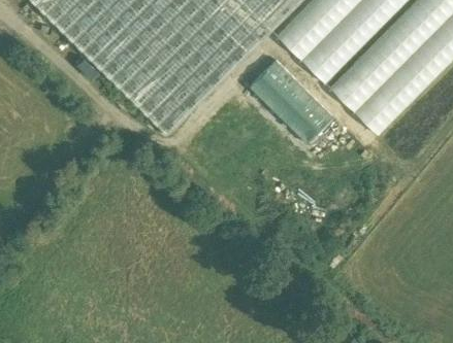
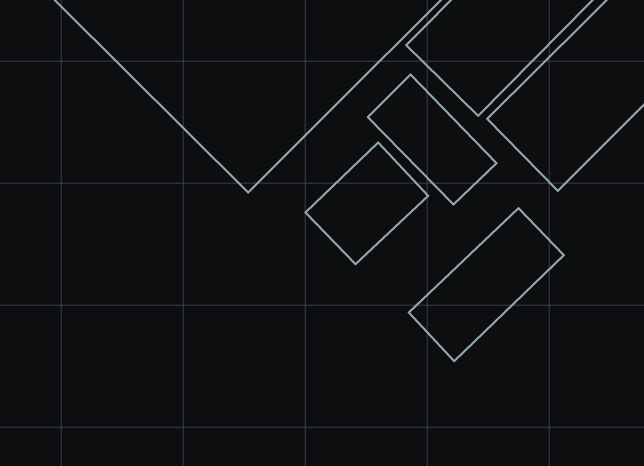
building: none -> [305,143,428,264]
building: none -> [409,208,564,361]

